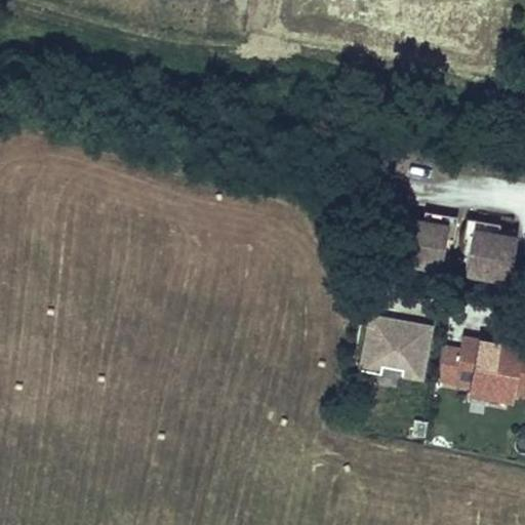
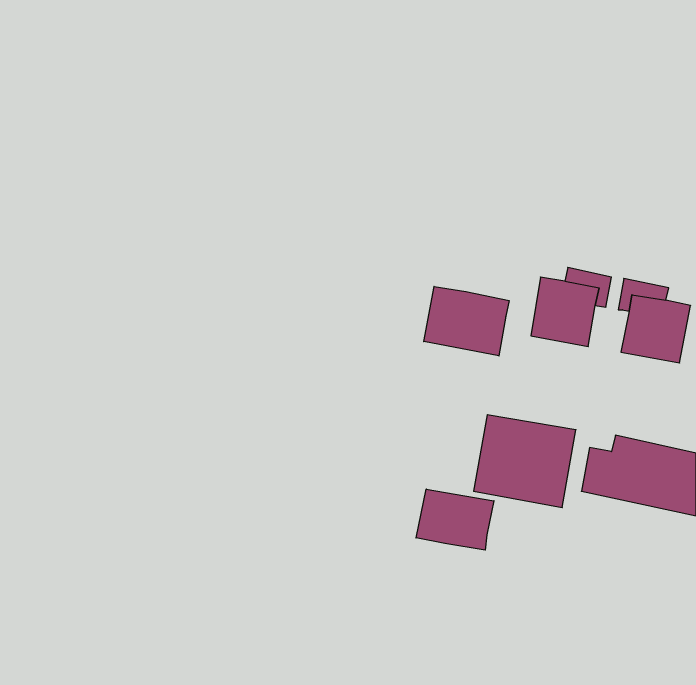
building: none -> [424,286,509,356]
building: none -> [416,489,494,550]

